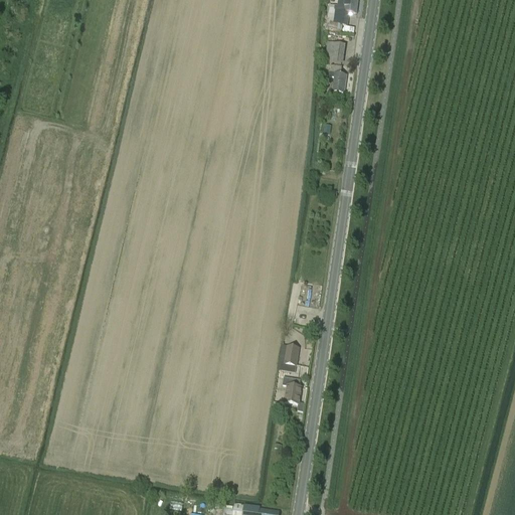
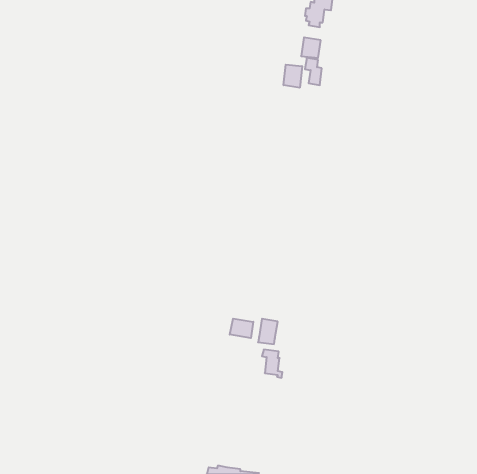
building: none -> [284,65,302,88]
building: none -> [230,319,253,338]

